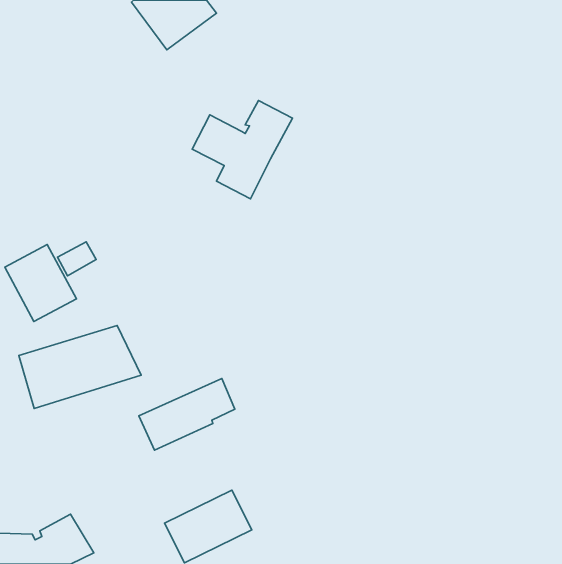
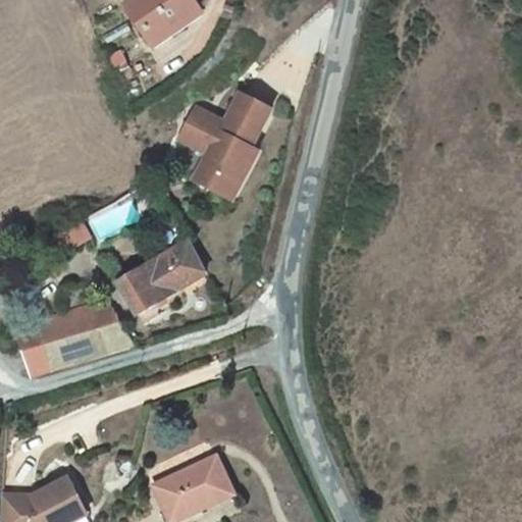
building: none -> [193,147,257,201]
building: [5,245,77,322] -> none
building: [139,378,235,450] -> [115,244,204,310]

